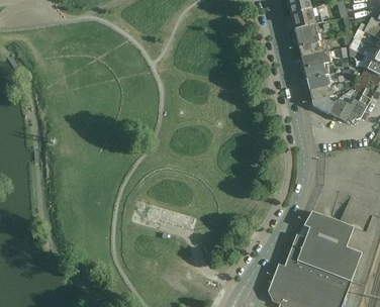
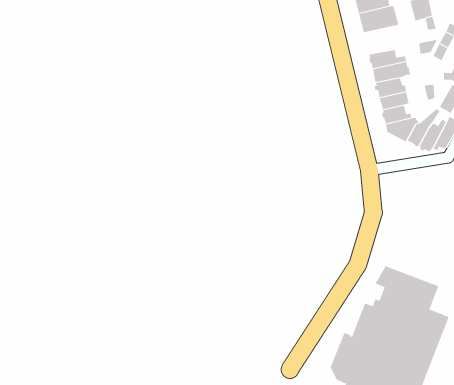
building: [294,23,324,45] -> none

